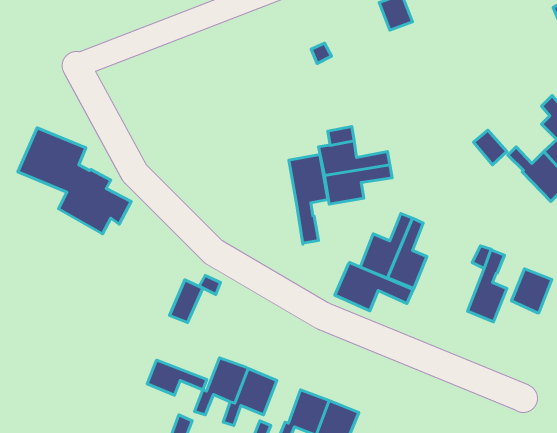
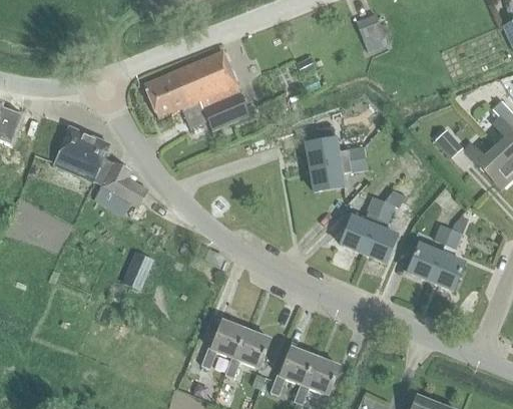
building: none -> [143,50,249,129]
building: [289,154,328,244] -> none
building: [335,263,413,311] -> none
building: [511,269,552,313] -> [407,244,441,281]
building: [169,280,203,323] -> [123,252,151,288]
building: [147,360,207,395] -> none

